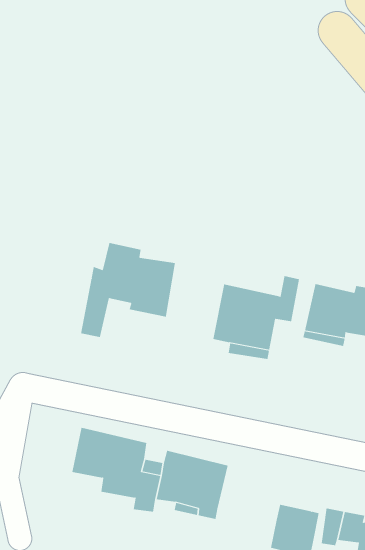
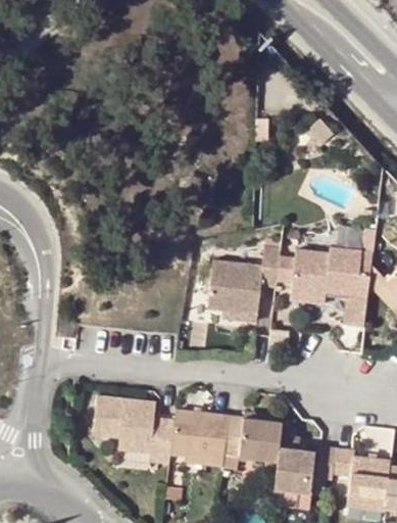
building: [81,242,175,338] -> none
building: none -> [226,417,282,462]

